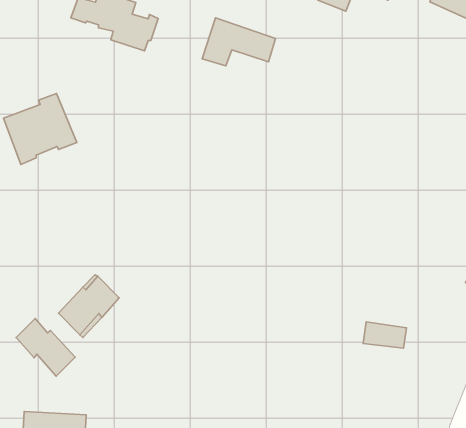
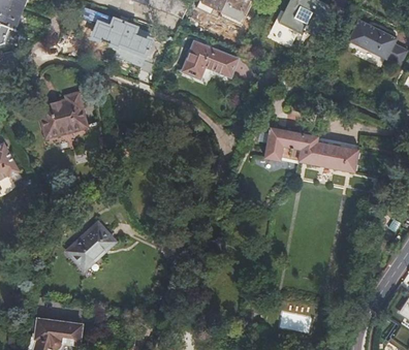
building: none -> [266,126,357,171]
building: [16,319,75,376] -> none
building: [363,322,407,348] -> [280,312,312,332]

